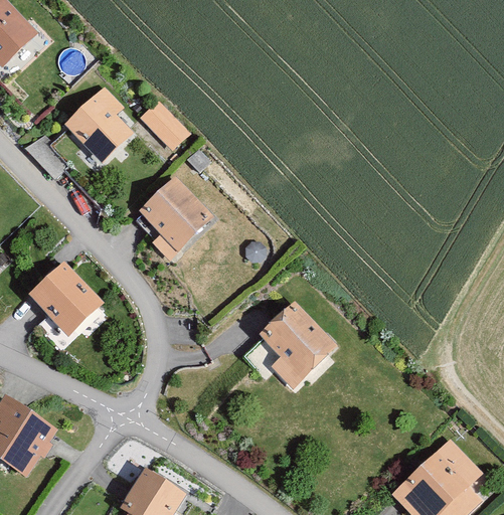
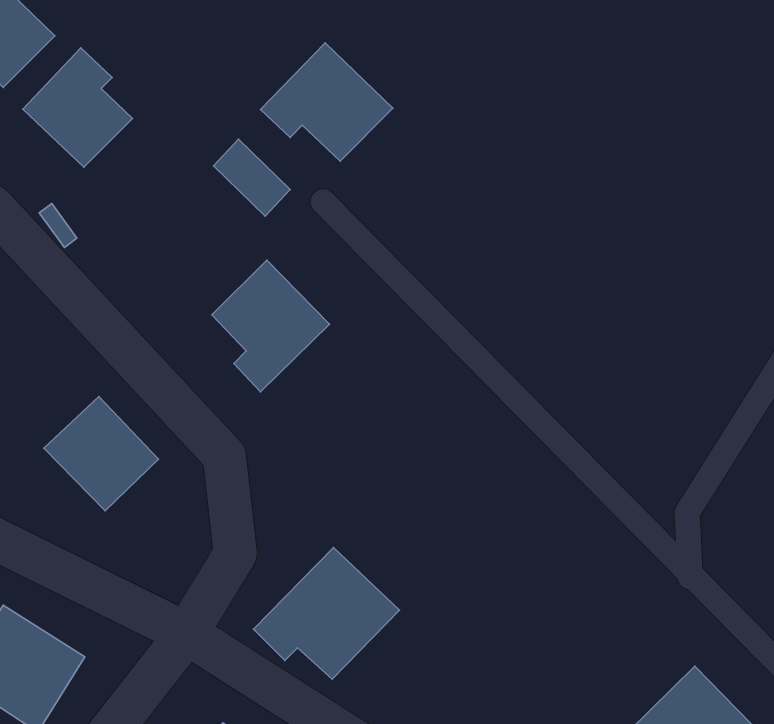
building: none -> [260,43,393,161]
building: [64,87,135,163] -> [23,48,132,167]
building: [243,304,337,388] -> [254,548,400,679]

